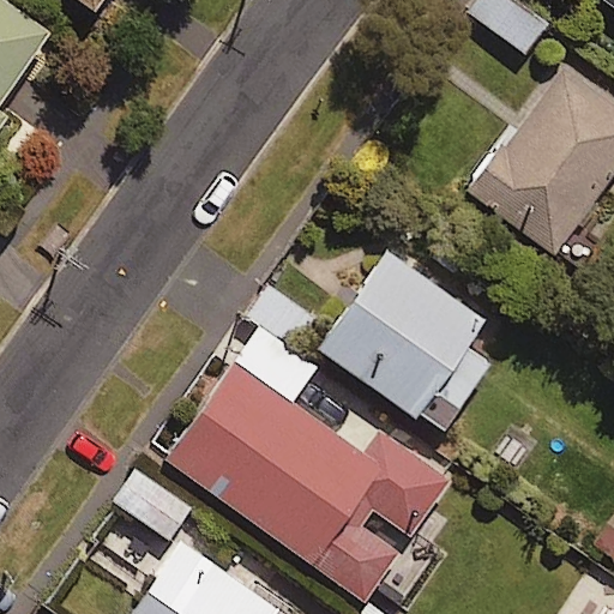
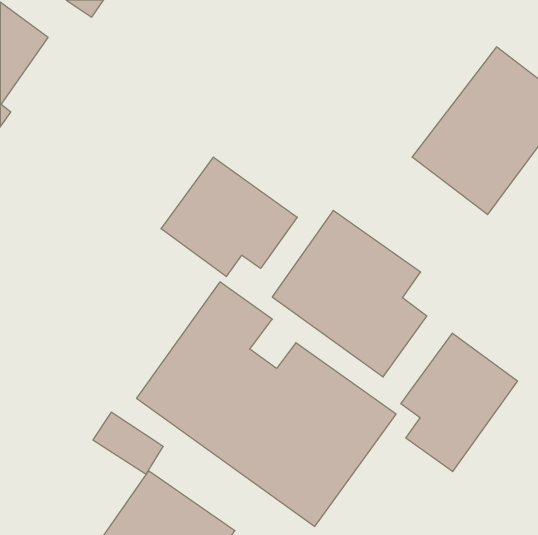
building: none -> [161,157,297,277]
building: none -> [401,333,517,472]

